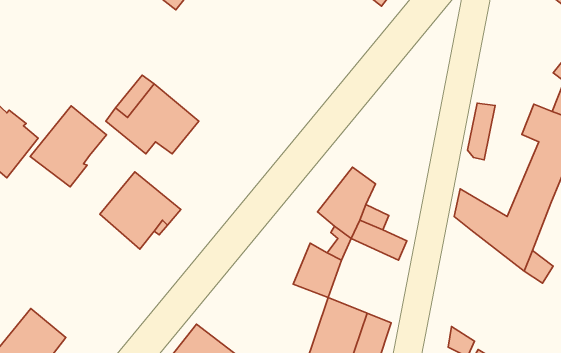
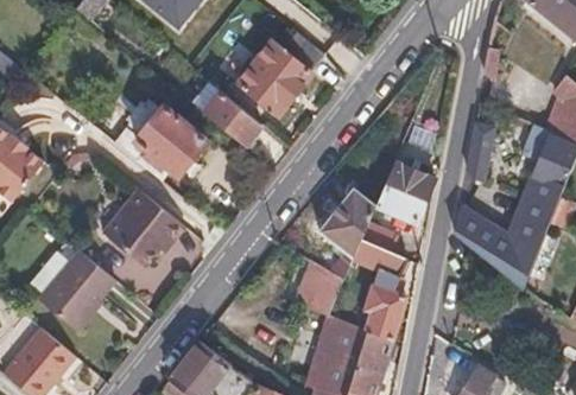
building: none -> [235,32,322,115]
building: none -> [201,90,259,145]
building: [30,106,106,187] -> [38,250,113,330]
building: none -> [376,160,435,221]
building: none -> [366,278,405,339]

